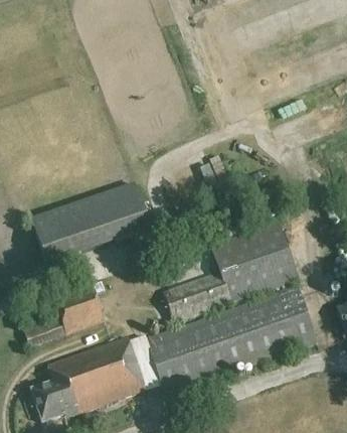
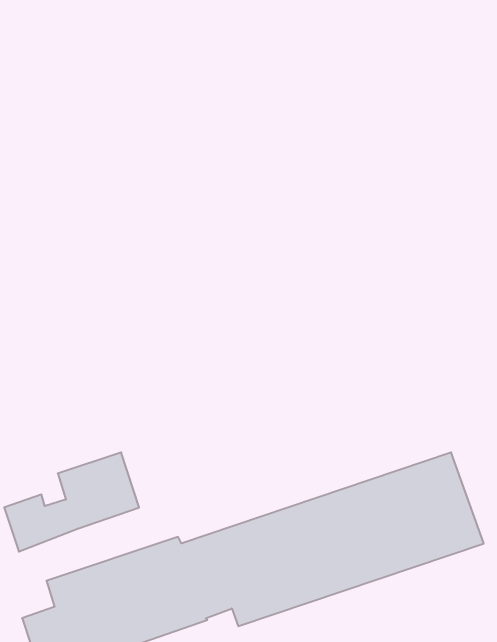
building: [31,181,150,264] -> none
building: [165,221,299,320] -> none

